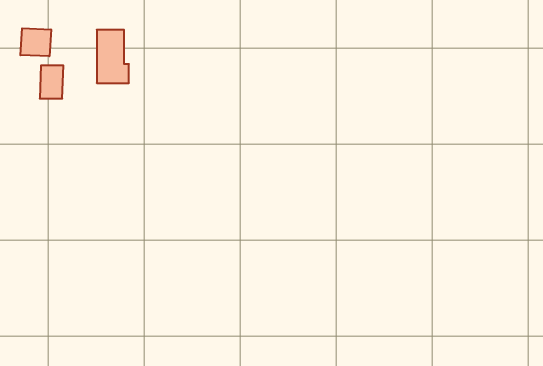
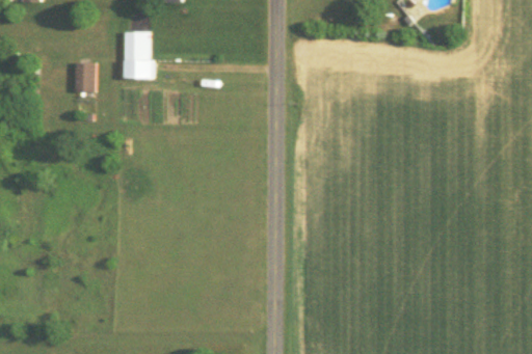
building: [20,28,51,56] -> none

